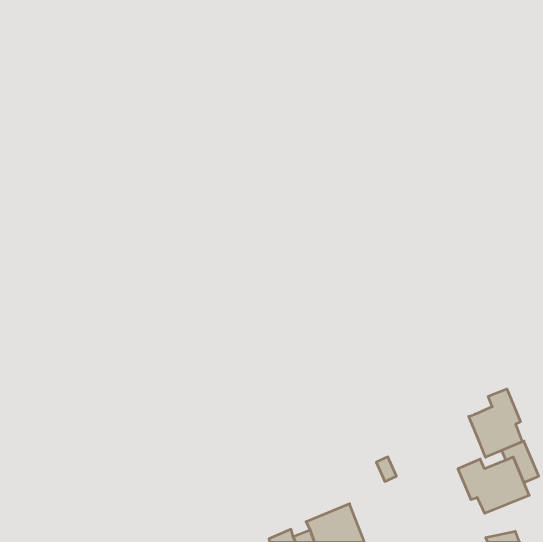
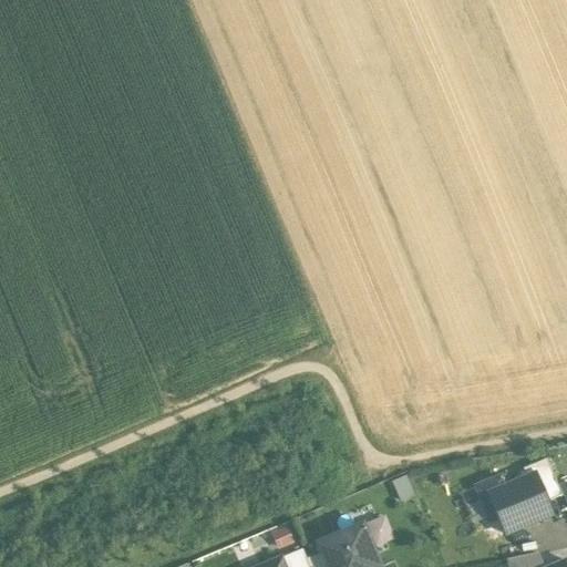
building: [469,389,522,457] -> none

